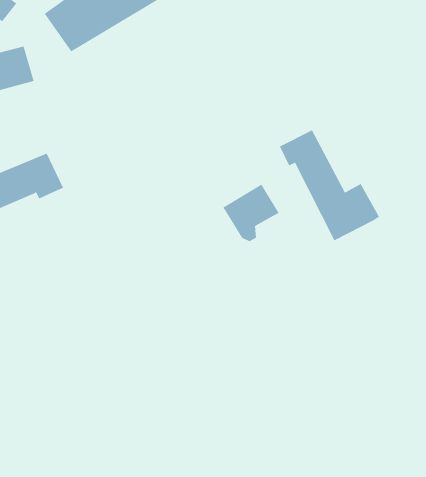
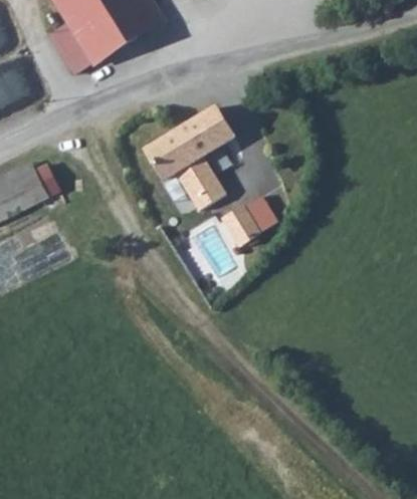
building: none -> [141,107,232,211]
building: [279,130,380,241] -> none

